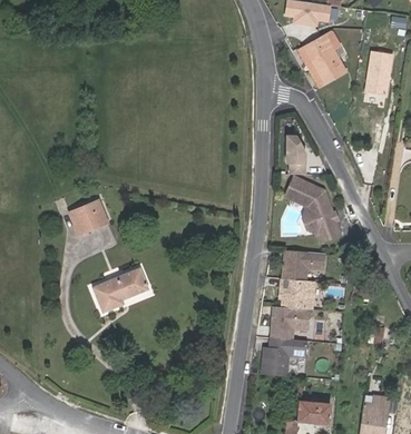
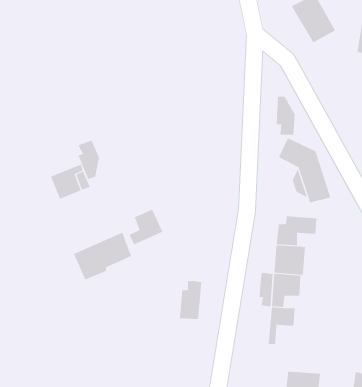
building: none -> [78,140,99,180]
building: none -> [129,209,163,245]
building: [262,337,284,375] -> [179,281,202,320]

